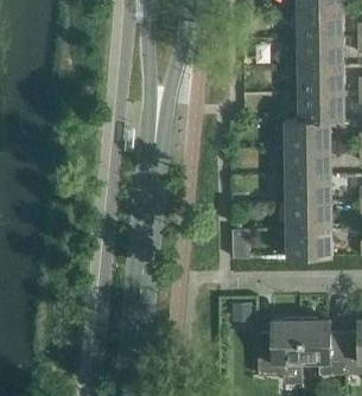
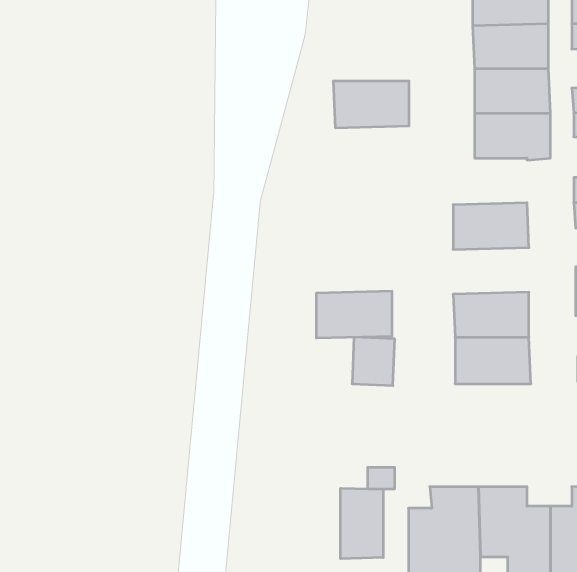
building: [284,120,330,148] -> [333,81,409,128]
building: [285,174,331,203] -> [316,291,392,338]
building: none -> [341,488,383,559]

